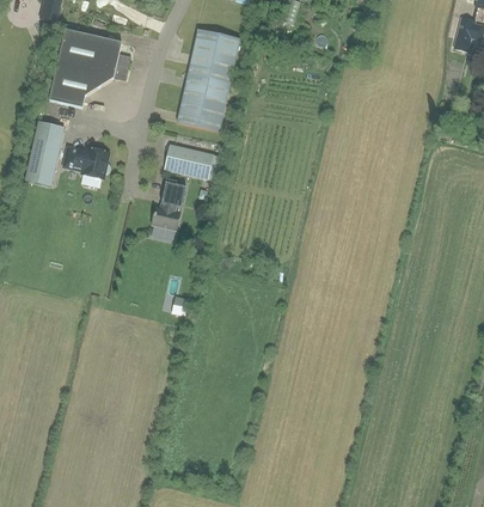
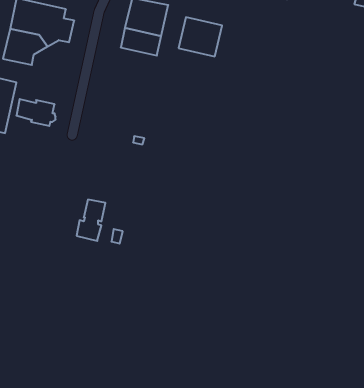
building: [177,86,227,132] -> [179,17,222,56]
building: [165,143,223,181] -> none
building: [152,182,185,230] -> [77,200,105,241]

